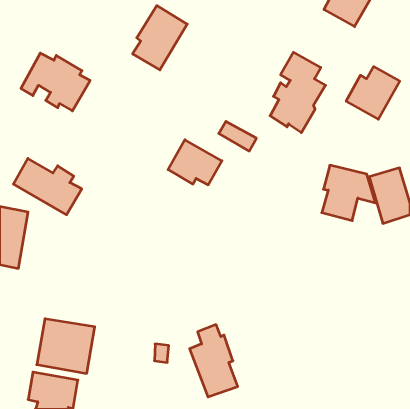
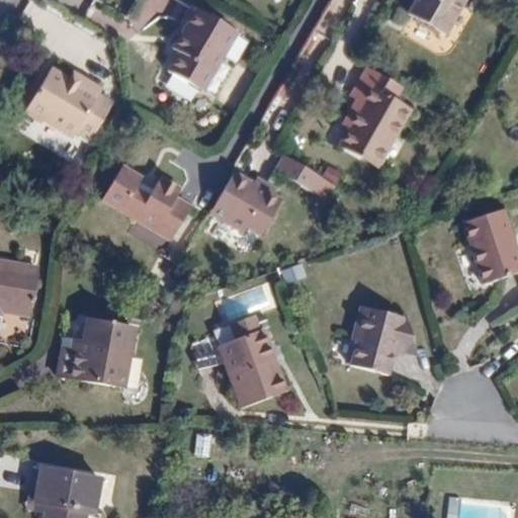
building: [346,67,400,119] -> none
building: [13,158,82,215] -> [104,166,190,237]
building: [322,165,376,221] -> [350,306,418,375]
building: [37,319,95,373] -> [59,318,132,386]
building: [190,325,238,397] -> [220,315,280,406]

